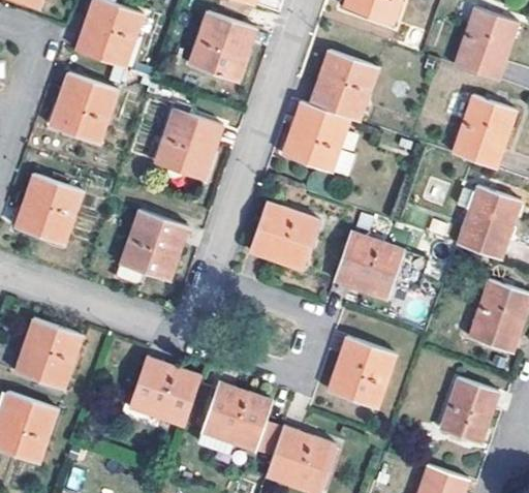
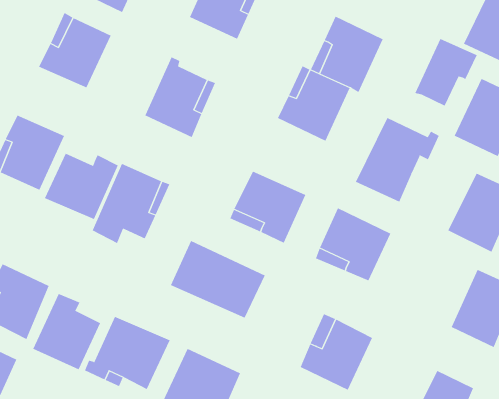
building: none -> [415,38,477,106]
building: none -> [355,117,440,203]
building: none -> [44,153,119,220]
building: none -> [170,240,266,319]
building: none -> [32,293,101,370]

